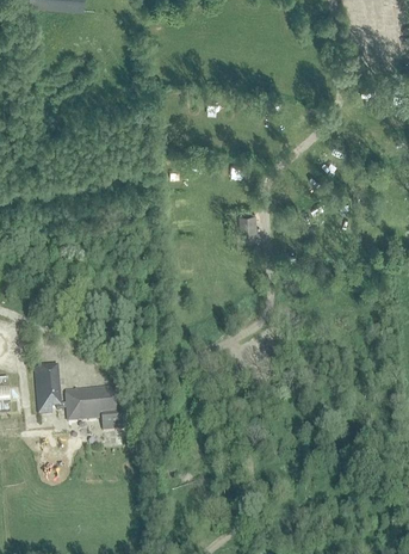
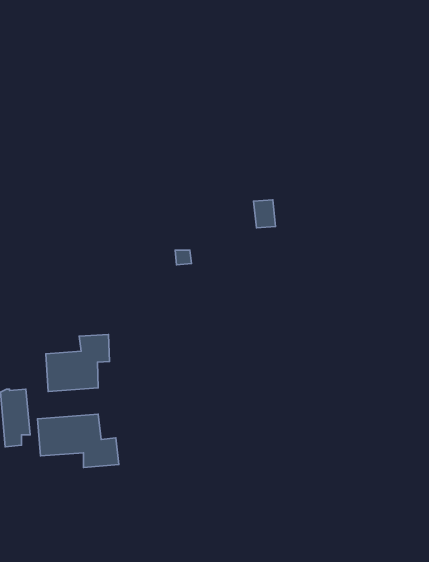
building: none -> [46,334,110,391]

